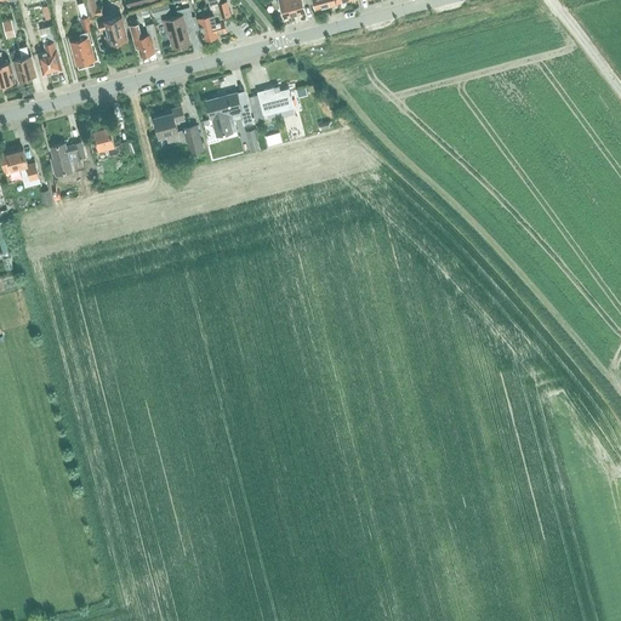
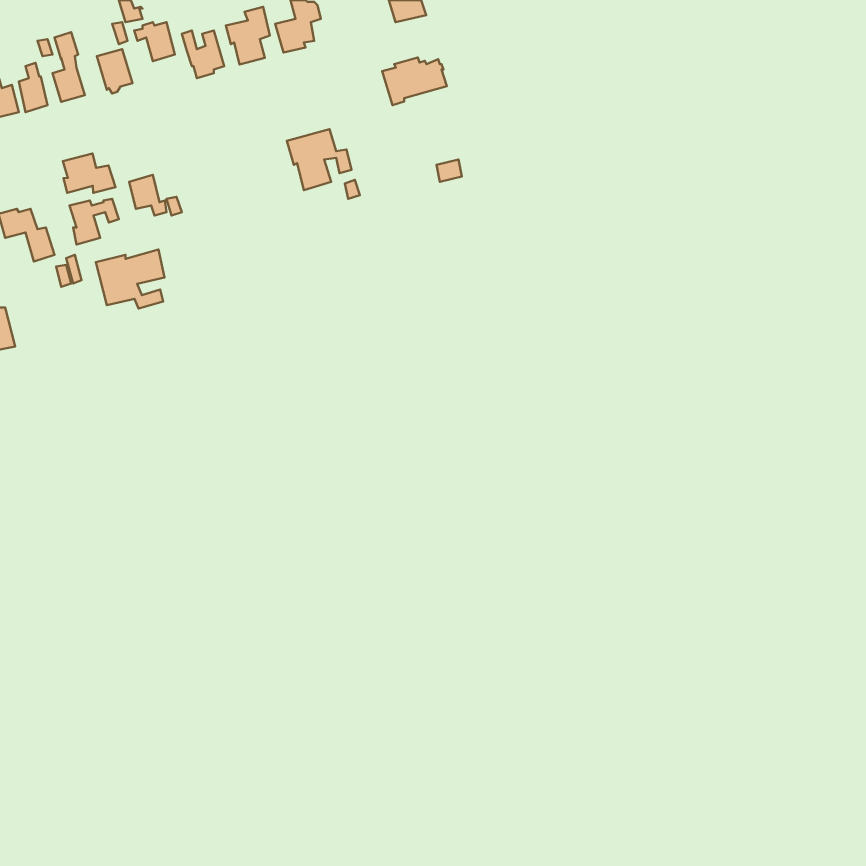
building: [247,87,294,121] -> [382,57,447,105]
building: [154,108,203,153] -> none
building: none -> [63,153,115,193]
building: none -> [96,250,165,308]

